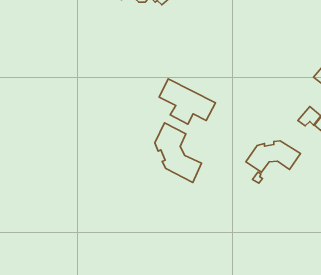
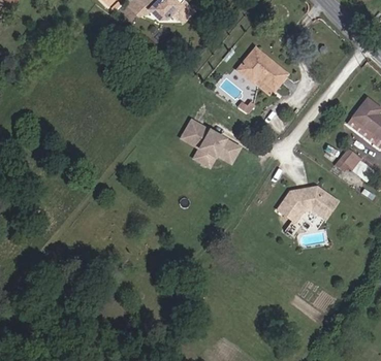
building: none -> [236,47,287,90]
building: [155,123,201,183] -> none

